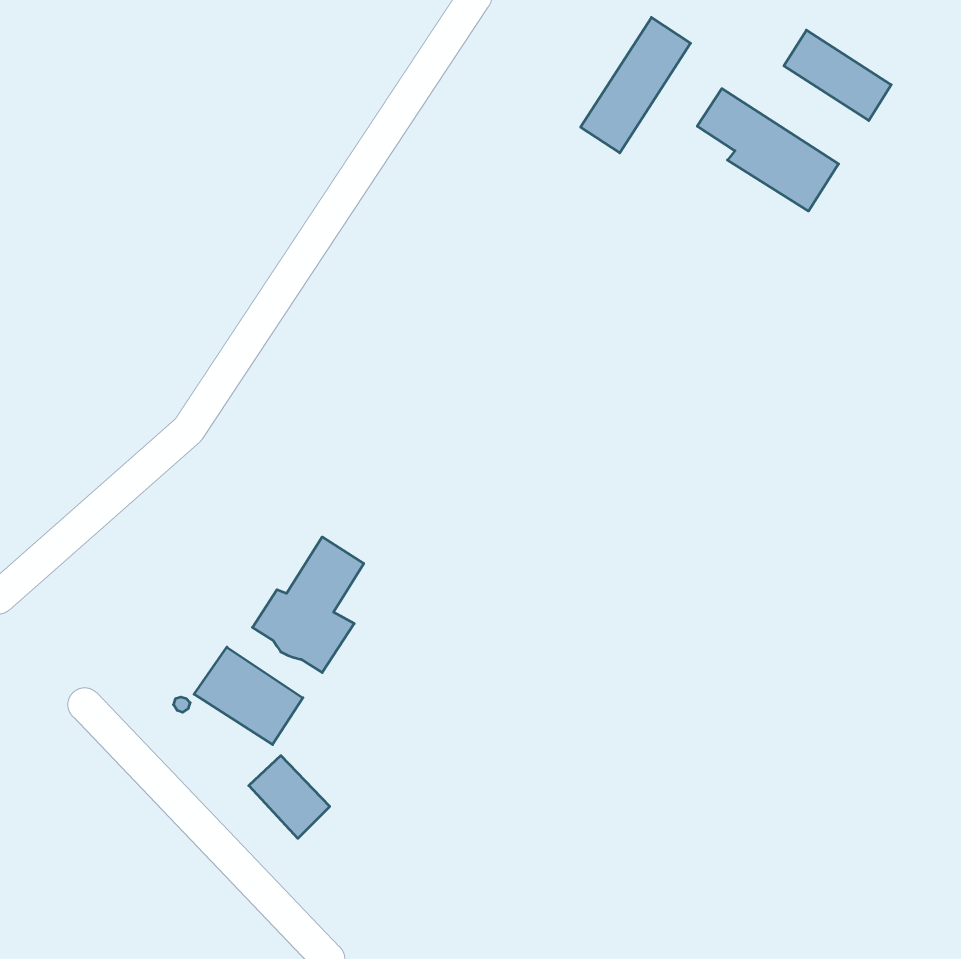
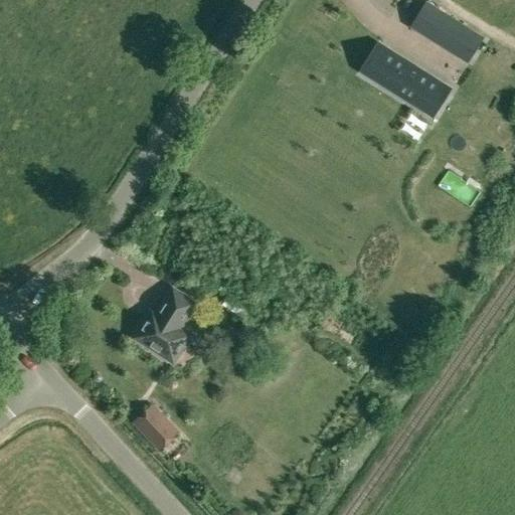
building: [581,17,691,153] -> none
building: [194,647,303,745] -> none

